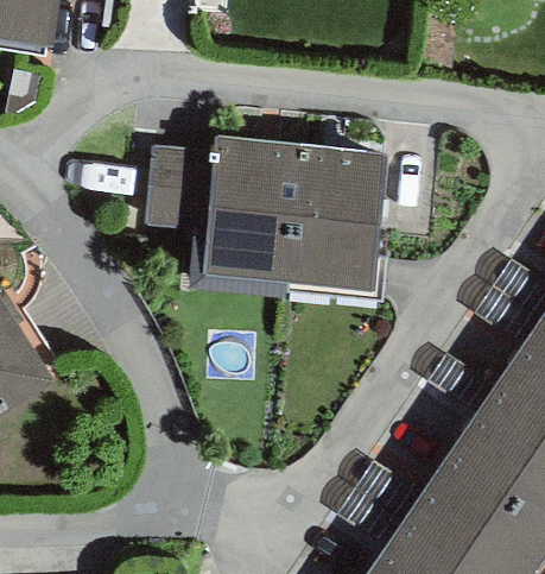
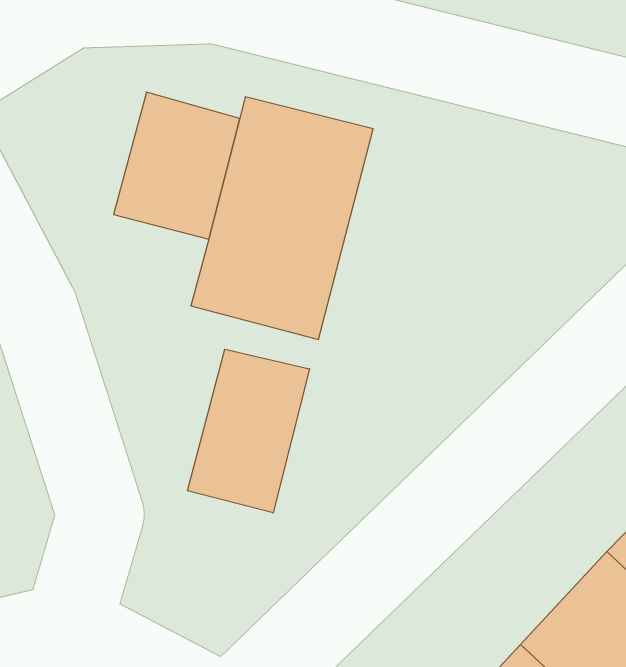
building: [286,146,384,292] -> none
building: none -> [187,349,309,513]

